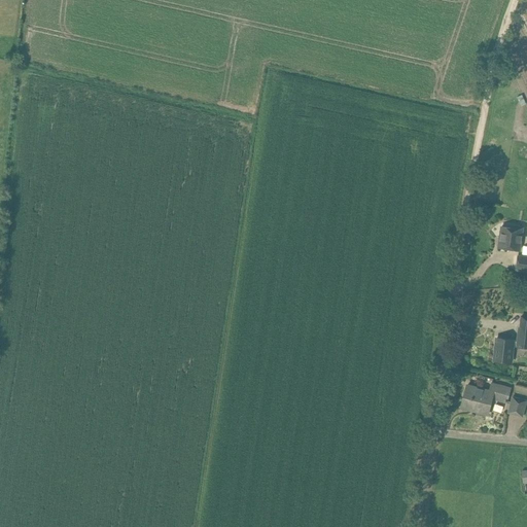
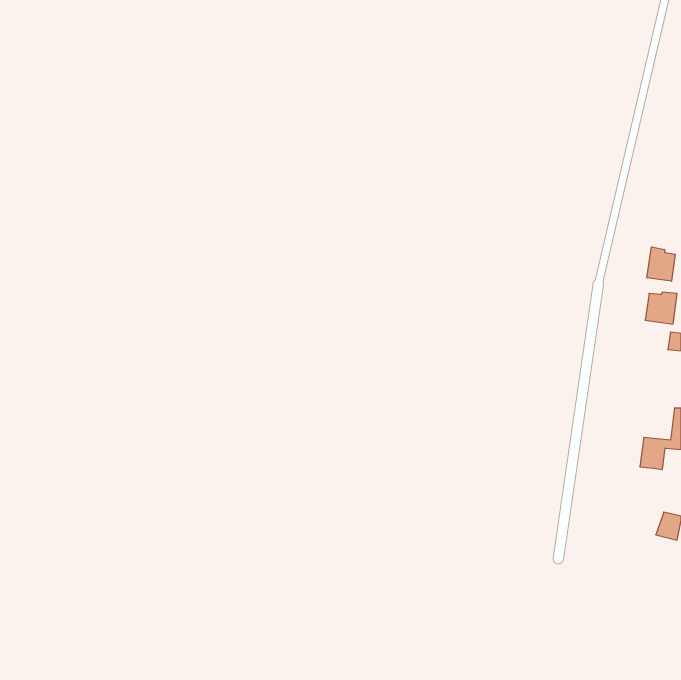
building: none -> [647,247,675,281]
building: [462,383,511,411] -> none

